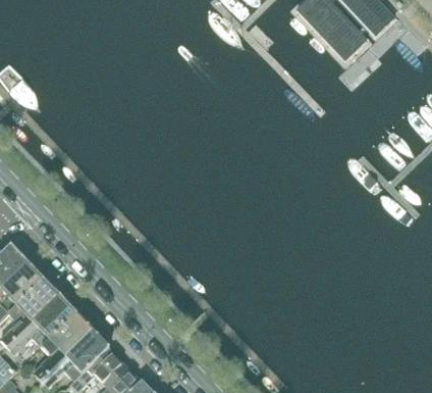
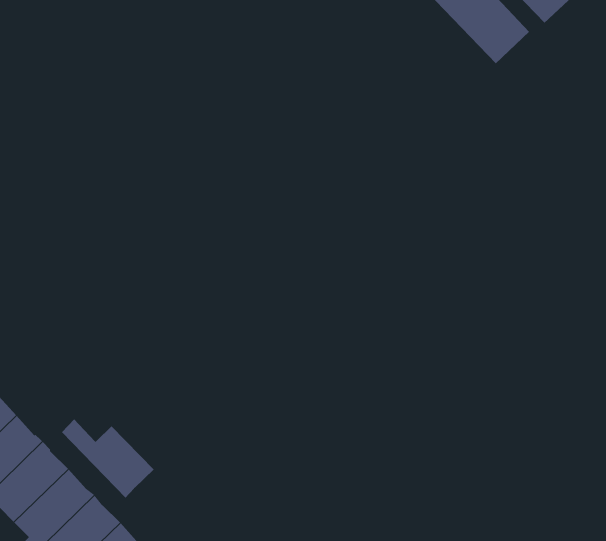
building: none -> [61,418,155,499]

